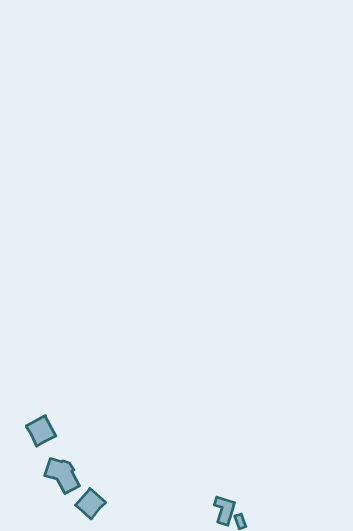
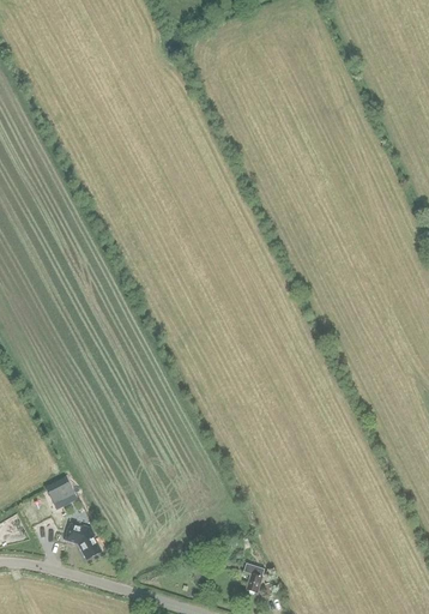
building: [75,488,105,519] -> none

